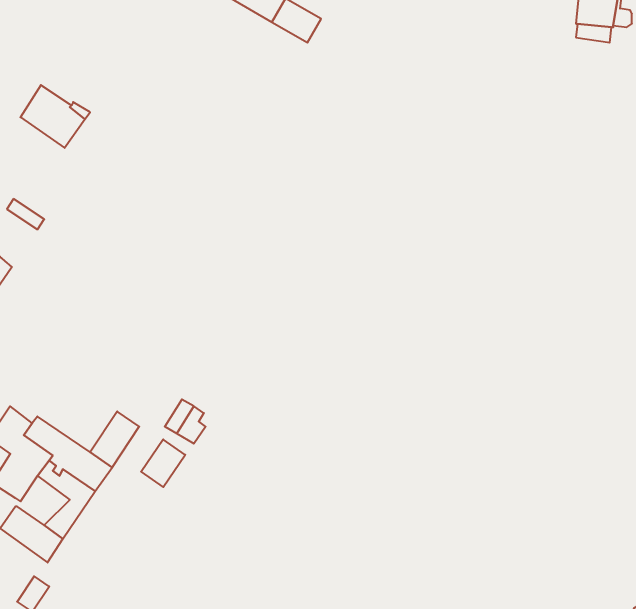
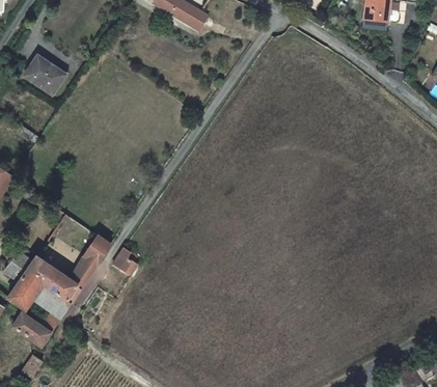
building: [141,439,185,487] -> [84,234,111,264]

